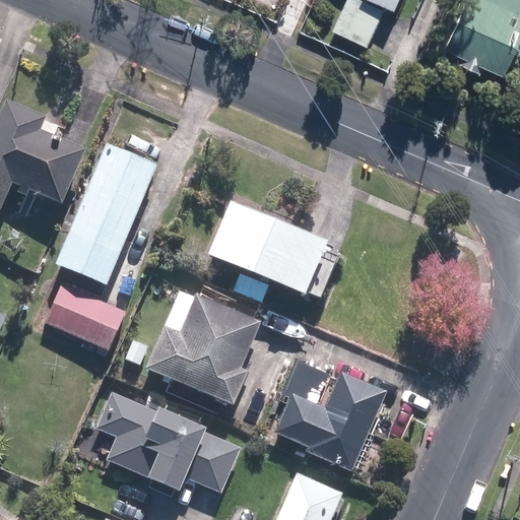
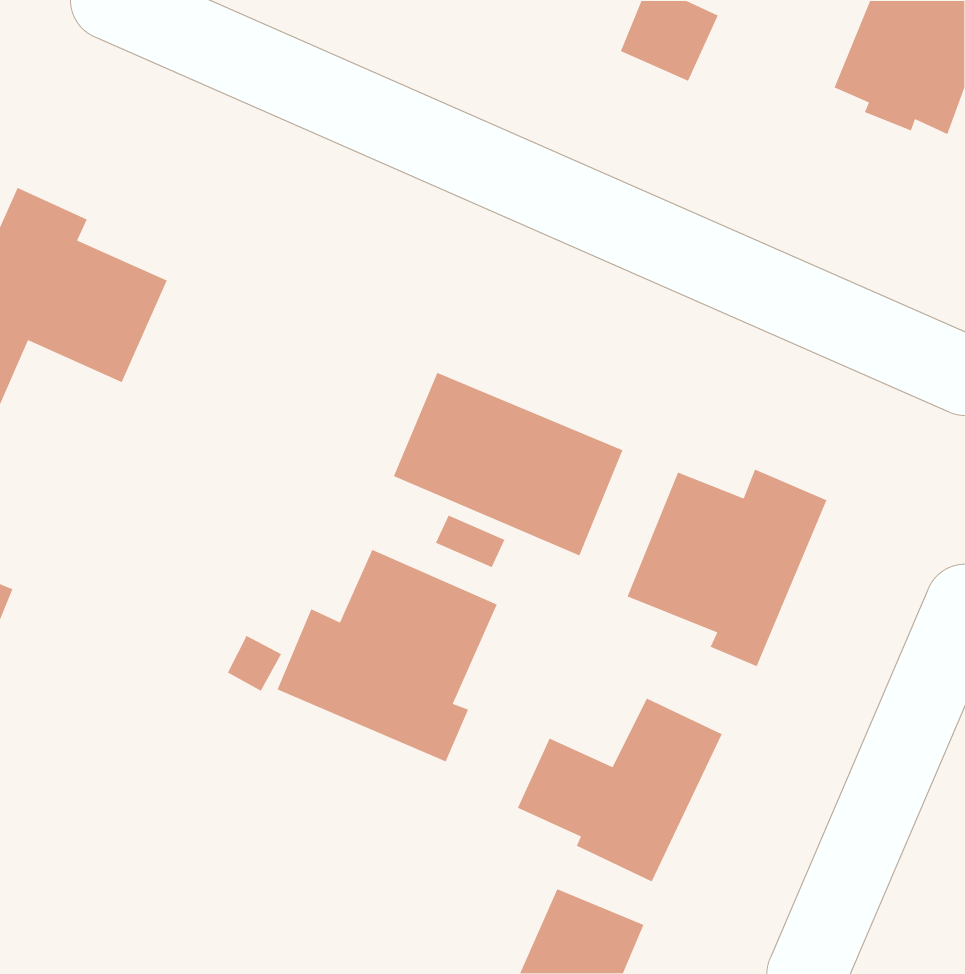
building: [56,141,158,285] -> none
building: none -> [626,468,827,667]
building: [44,285,124,352] -> none
building: [91,392,238,492] -> none

